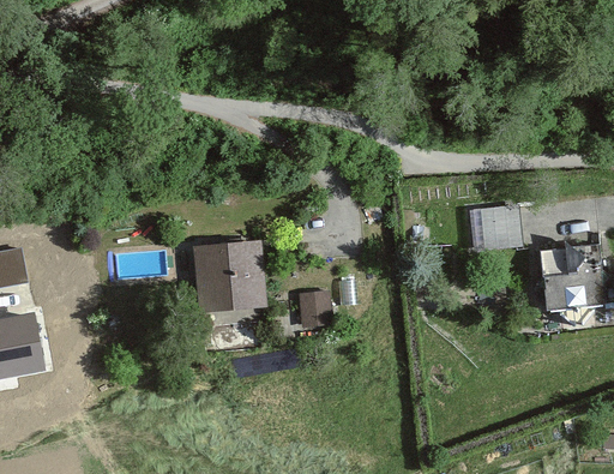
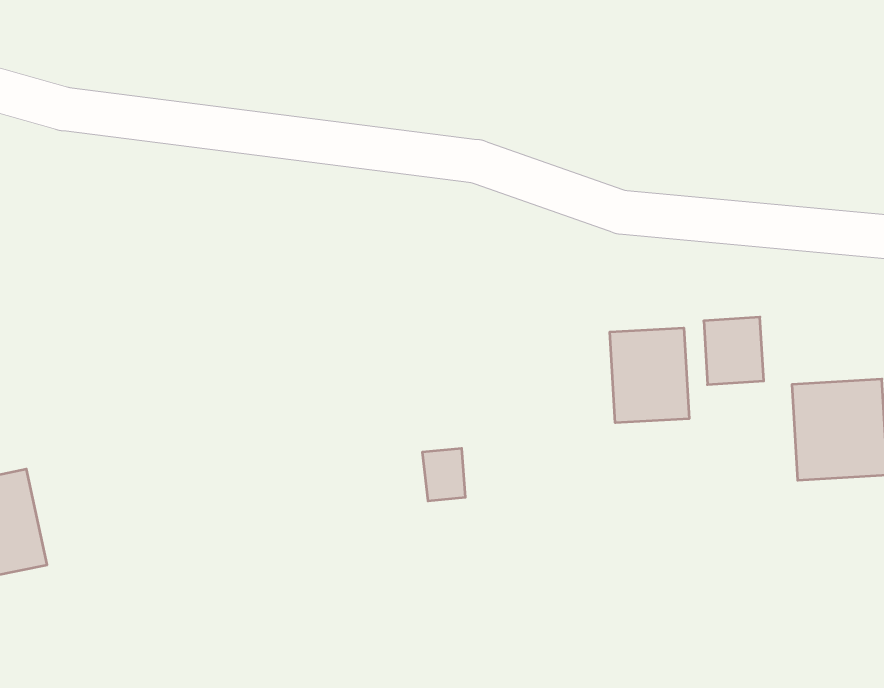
building: none -> [610,328,689,423]
building: [192,244,263,311] -> none

